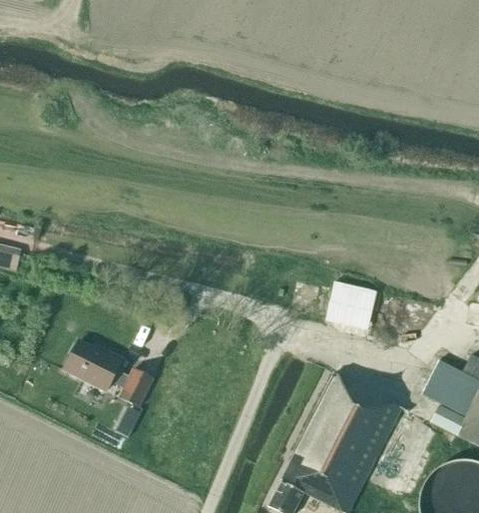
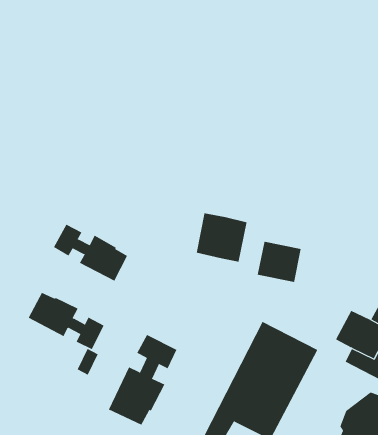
building: none -> [196,212,247,263]
building: none -> [53,224,128,282]
building: none -> [108,334,177,426]

